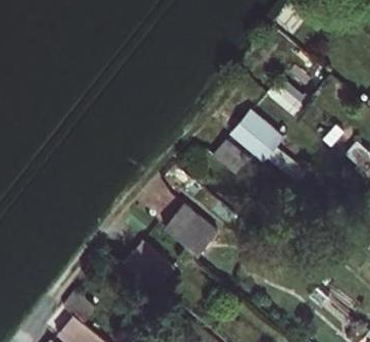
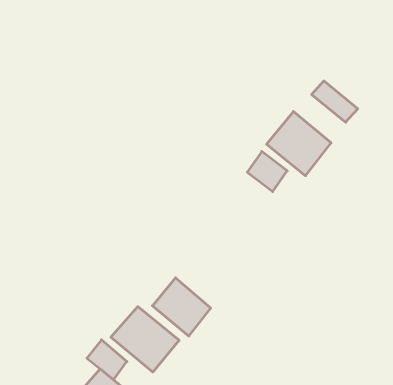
building: [168,207,216,256] -> none
building: none -> [111,307,179,372]

